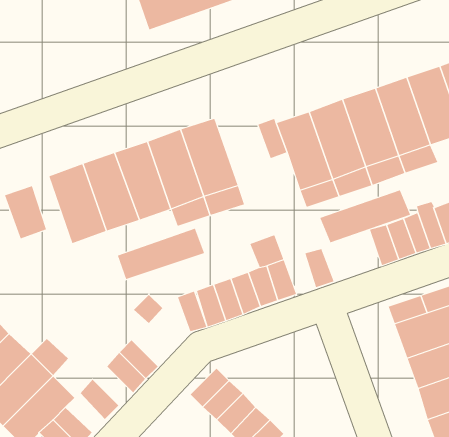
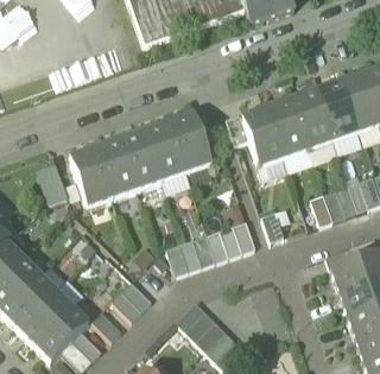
building: [319,190,411,243] -> none
building: [117,228,205,280] -> none

